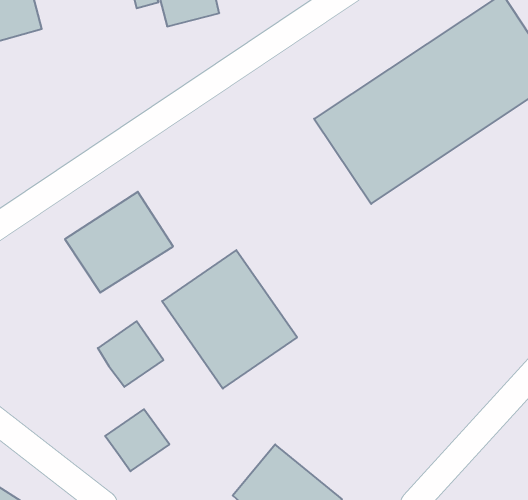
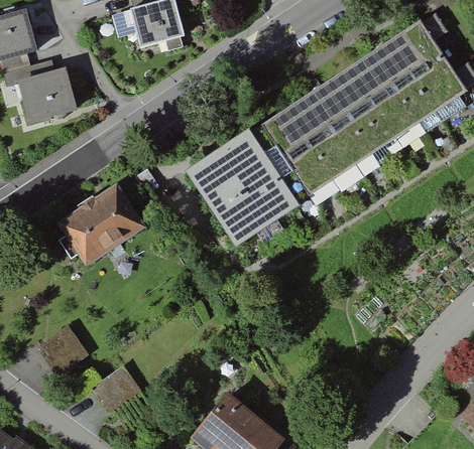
building: none -> [18,68,77,124]
building: [162,250,297,389] -> [188,133,300,248]
building: [98,321,163,387] -> [34,320,89,375]

